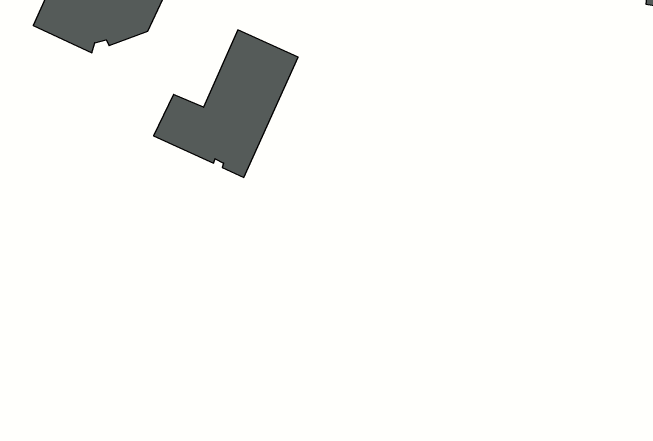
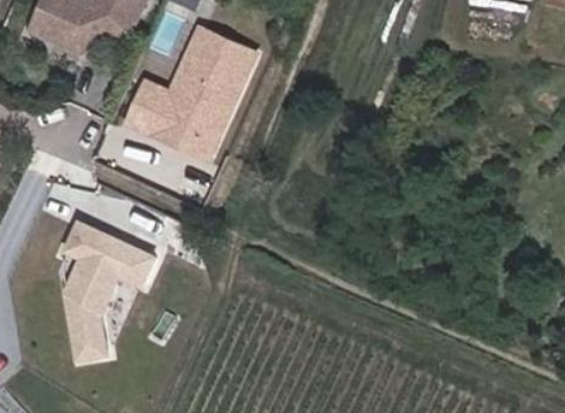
building: none -> [64,219,157,359]

